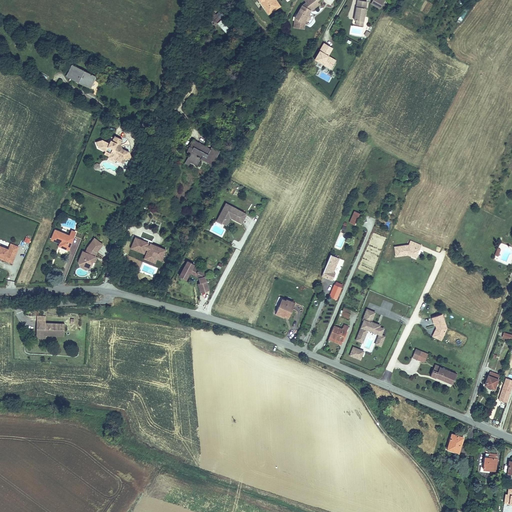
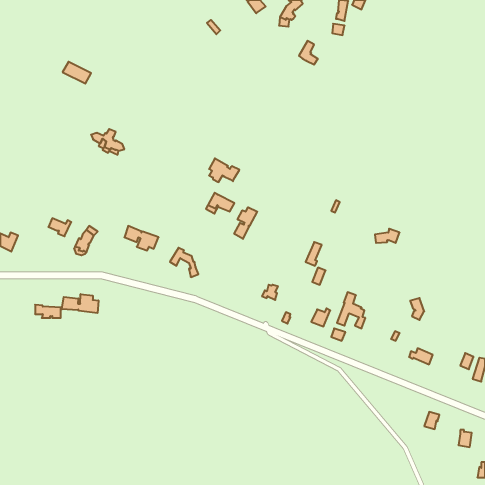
building: [187,140,219,165] -> [209,158,239,182]
building: none -> [234,207,257,239]
building: none -> [62,294,98,313]

